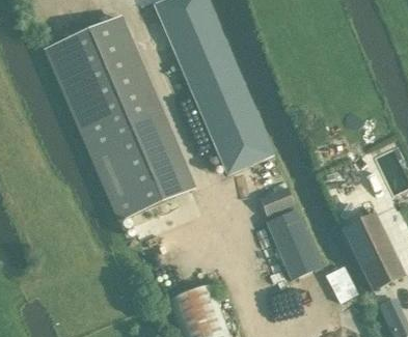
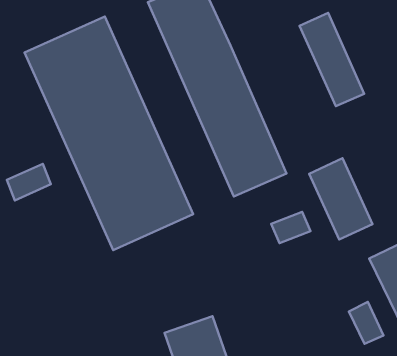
building: none -> [299,13,364,106]
building: none -> [7,164,51,201]
building: [268,208,323,279] -> [309,158,373,240]

